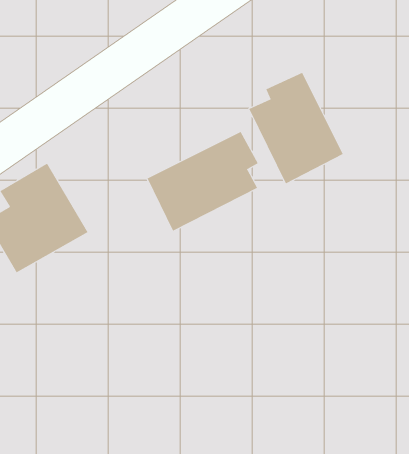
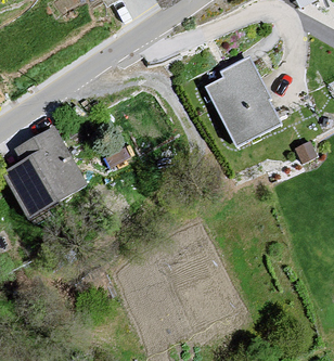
building: [147,131,258,232] -> none

